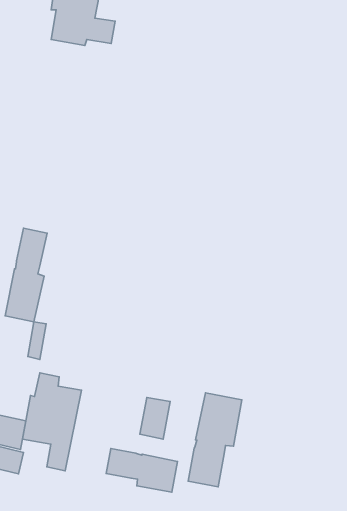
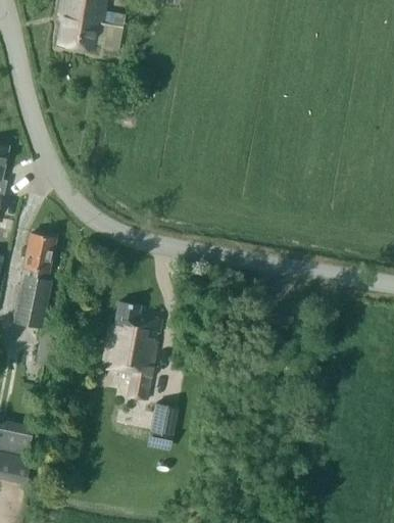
building: [22,373,81,471] -> [102,301,161,399]
building: [188,393,242,487] -> none
building: [106,449,178,492] -> none

